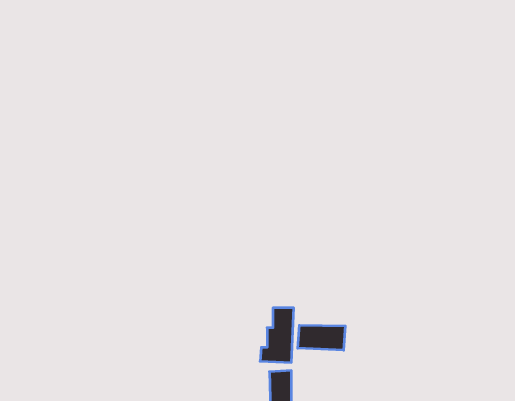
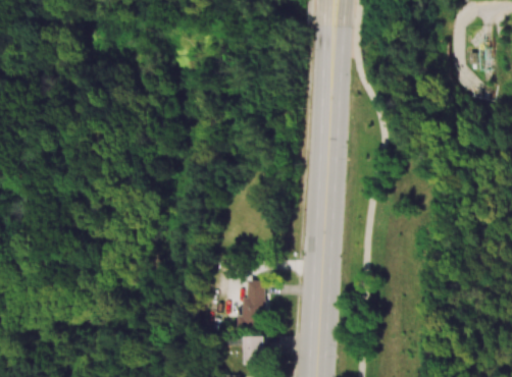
building: [298,325,345,350] -> none

